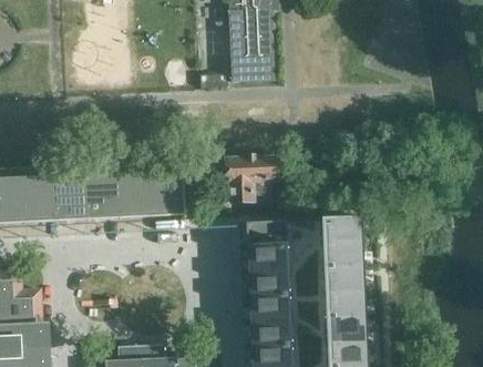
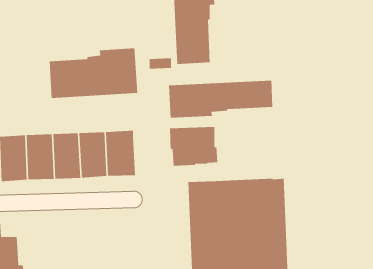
building: none -> [49,48,138,99]
building: none -> [168,80,273,118]

